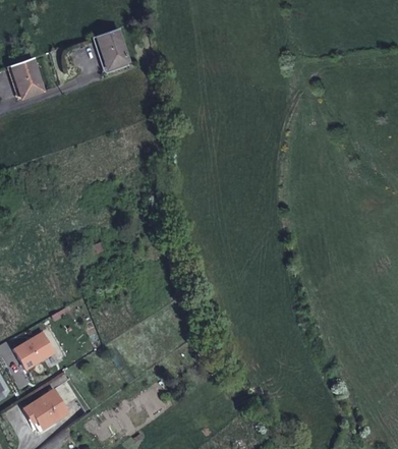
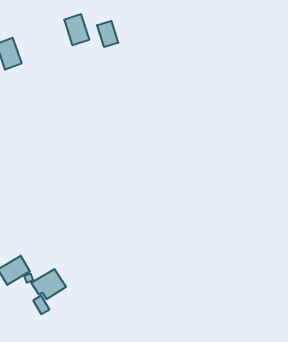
building: none -> [97,21,118,47]
building: [23,391,67,429] -> [31,269,66,299]

